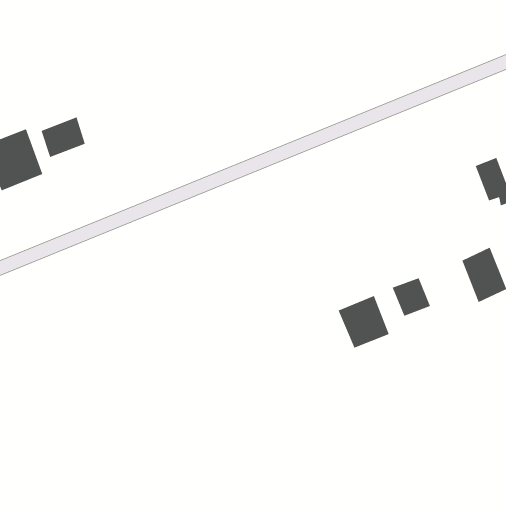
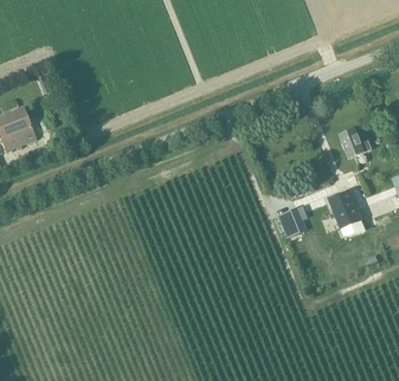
building: [41,117,86,158] -> none
building: [338,295,390,349] -> none

